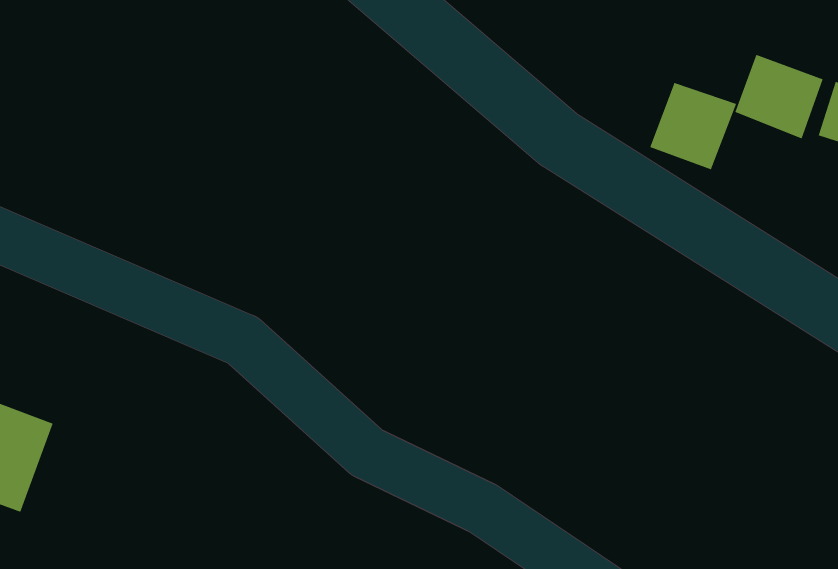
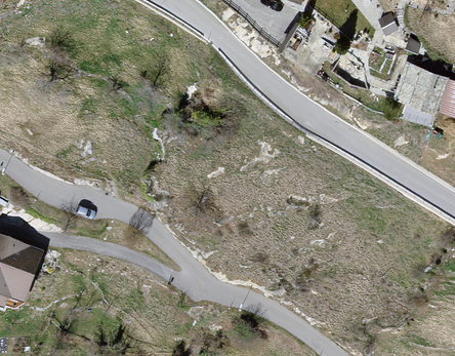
building: [650,82,737,170] -> none

